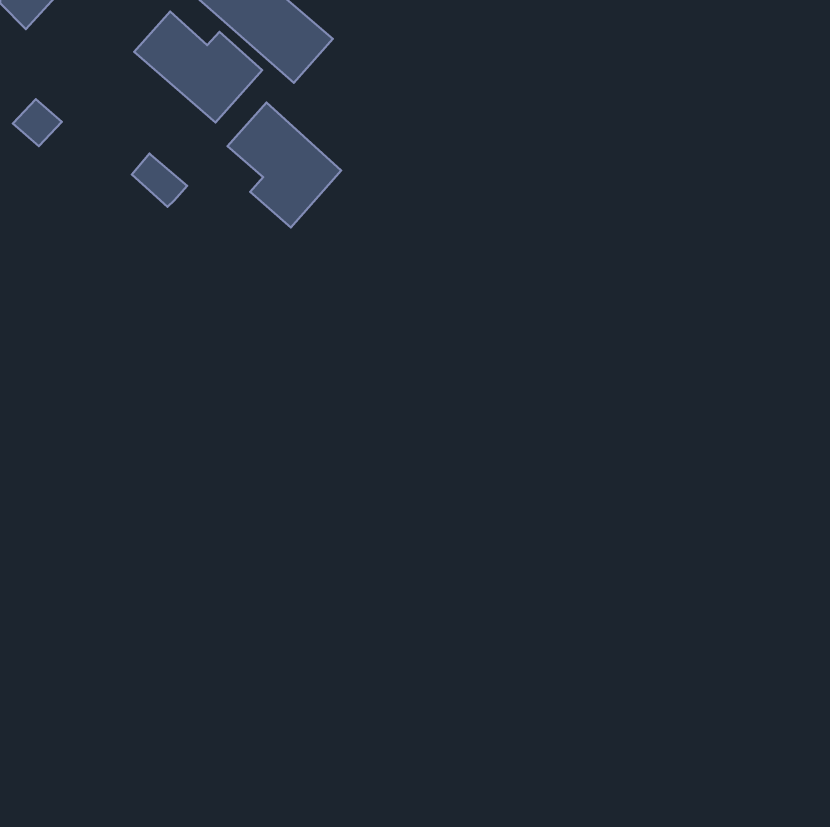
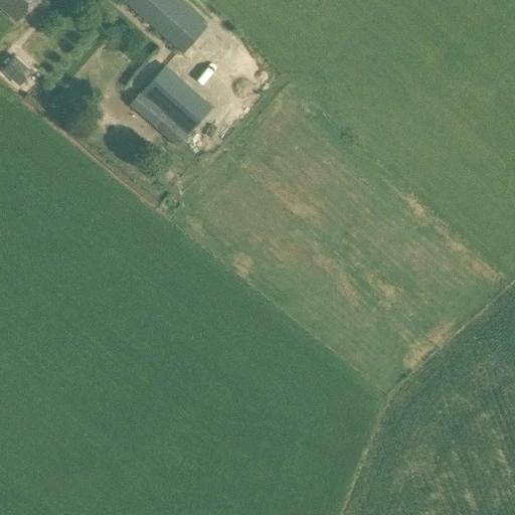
building: [134,11,262,123] -> none
building: [132,153,187,207] -> [129,90,163,123]

